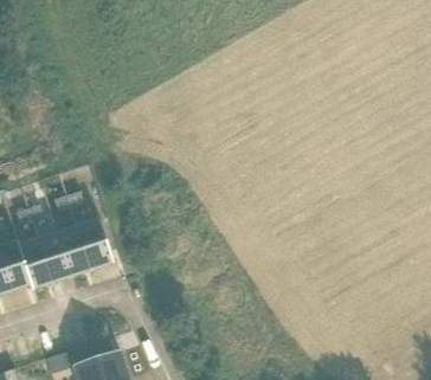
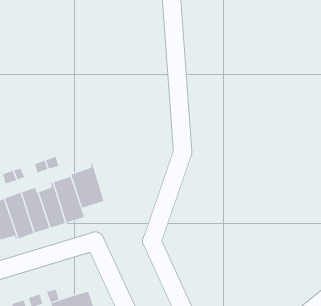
building: none -> [71,163,104,208]

